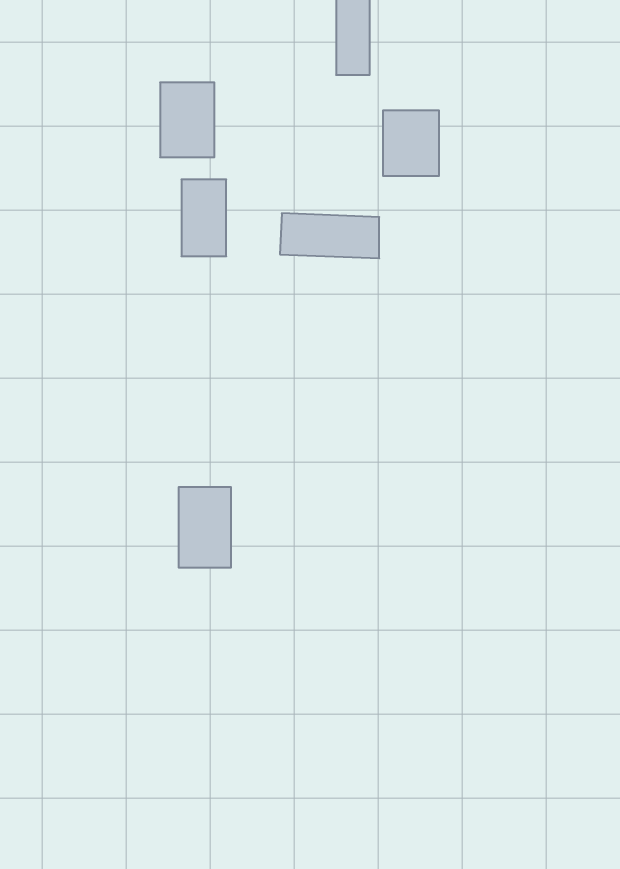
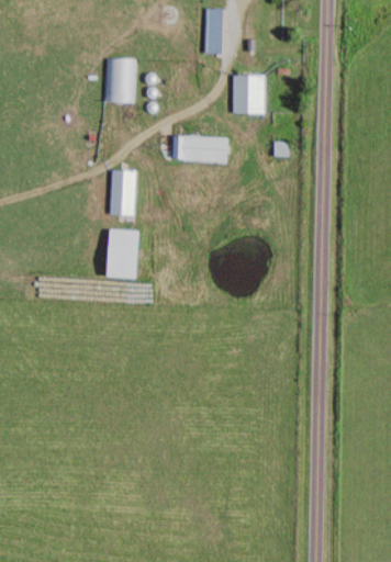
building: [181,179,226,256] -> [109,170,135,215]
building: [179,487,231,568] -> [111,231,142,278]

